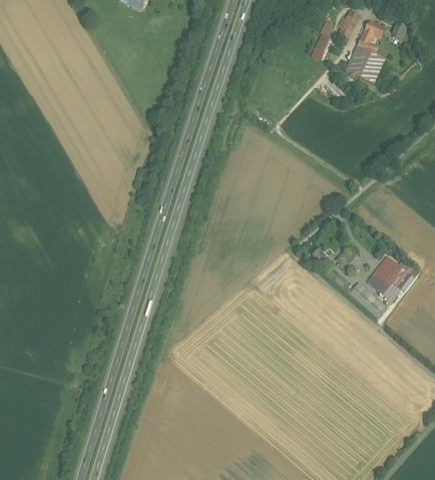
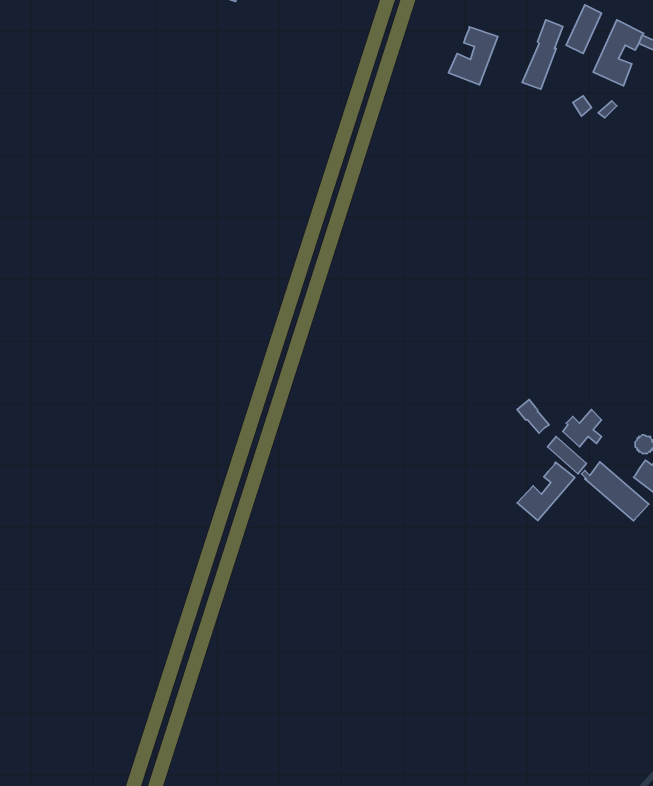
building: none -> [449,27,498,85]
building: none -> [517,462,575,521]

